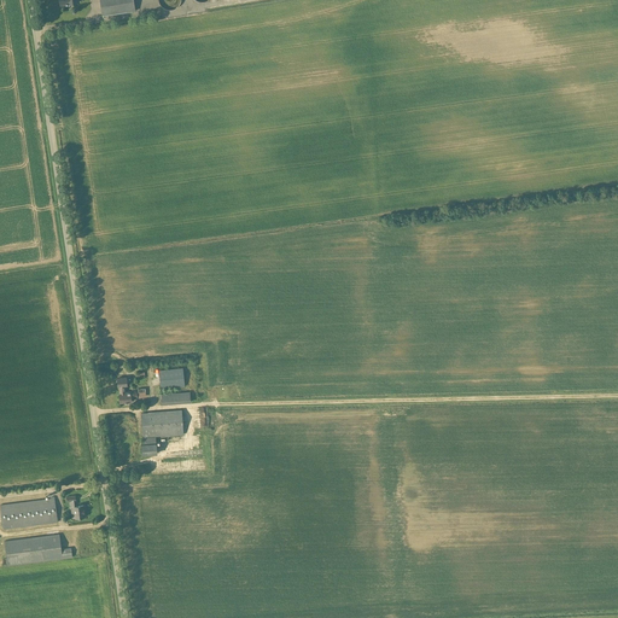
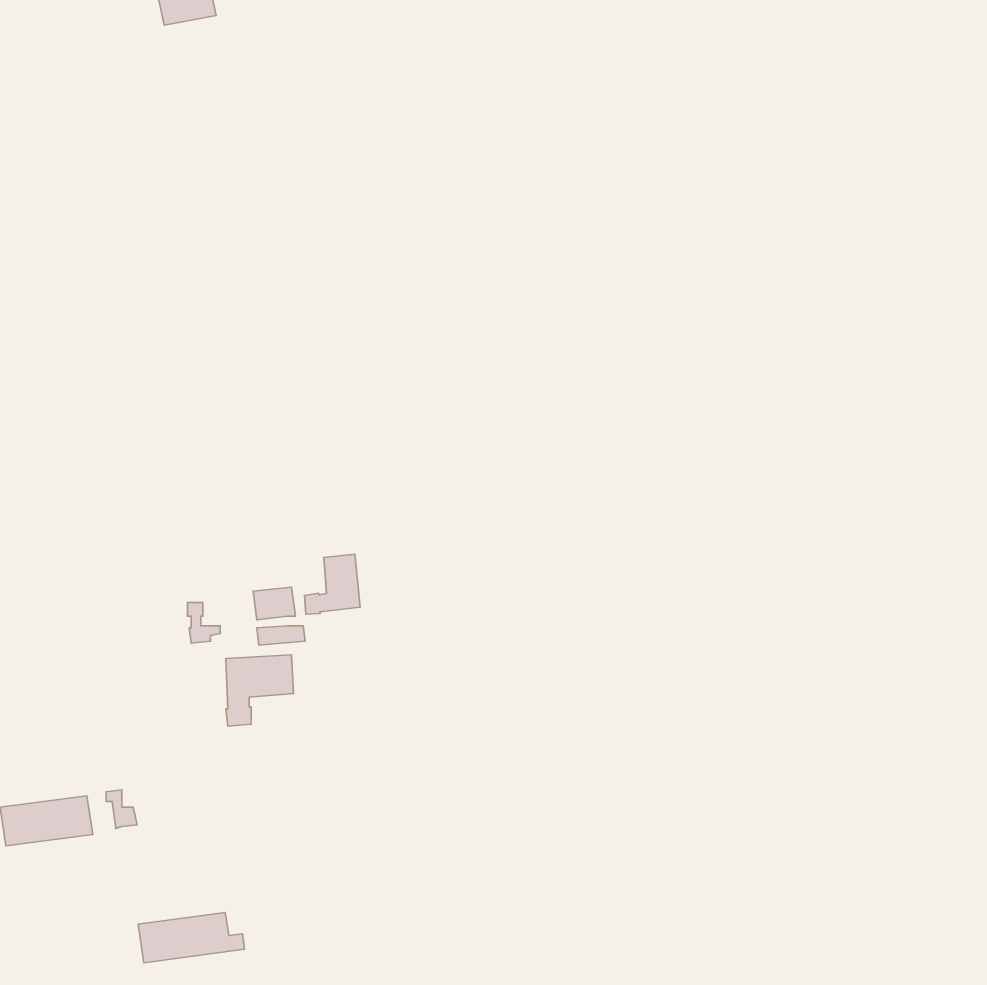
building: none -> [305,554,360,614]
building: [5,534,71,565] -> [138,912,244,963]

